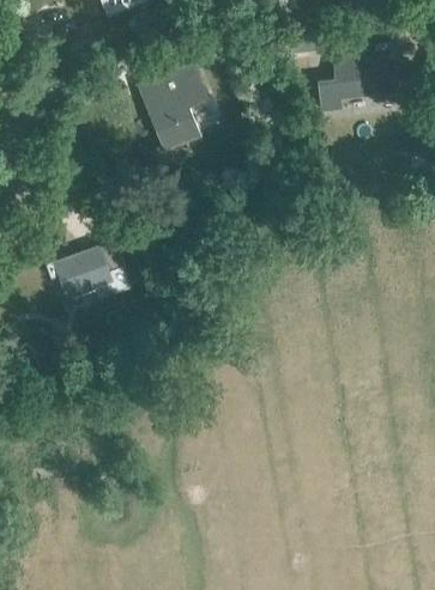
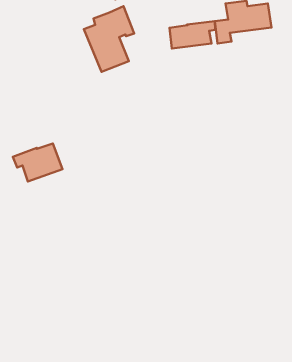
building: none -> [169,21,215,49]

